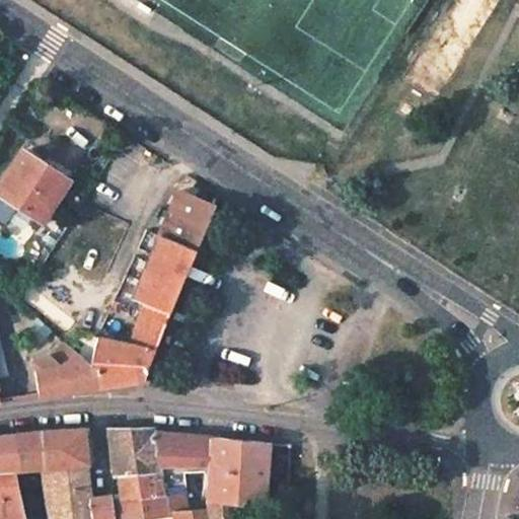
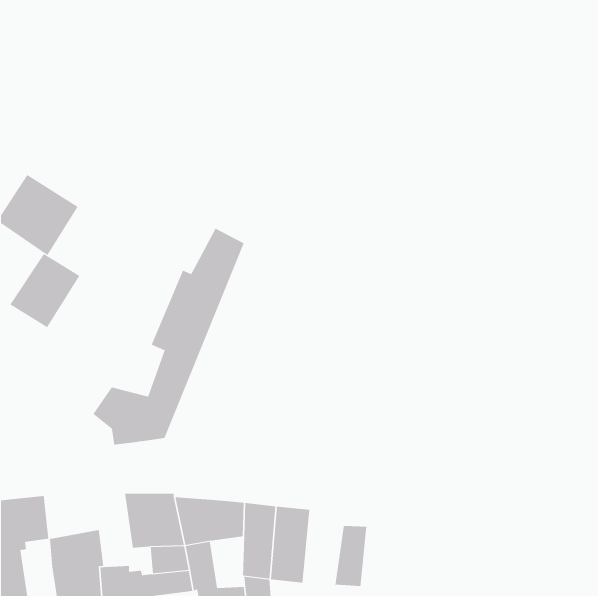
building: none -> [10,253,80,328]
building: [34,349,98,396] -> none
building: [39,429,86,468] -> none
building: none -> [335,525,367,587]

